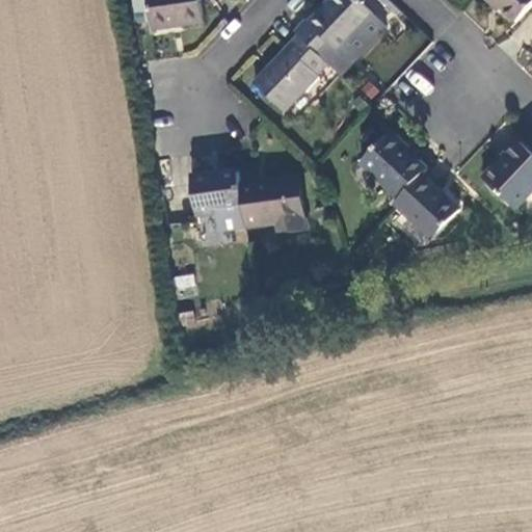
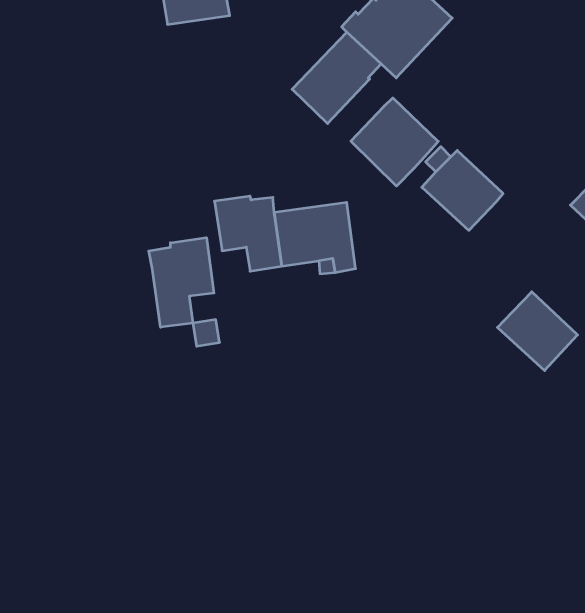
building: none -> [351,98,438,186]
building: [393,175,458,239] -> [497,292,578,371]
building: none -> [149,238,214,327]

